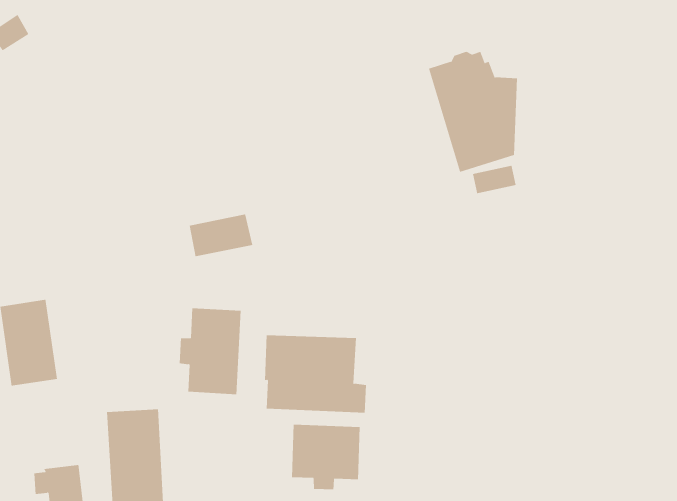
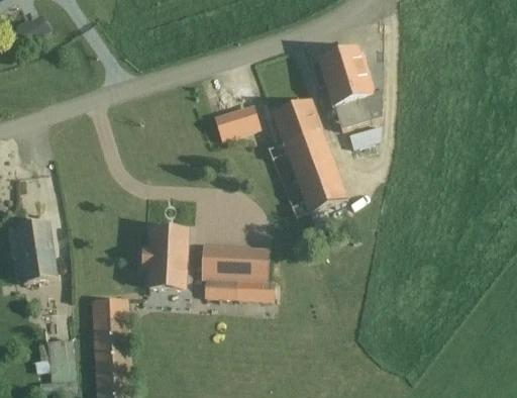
building: none -> [267,98,346,215]
building: [189,214,253,257] -> [215,107,261,137]
building: [292,424,360,490] -> none

